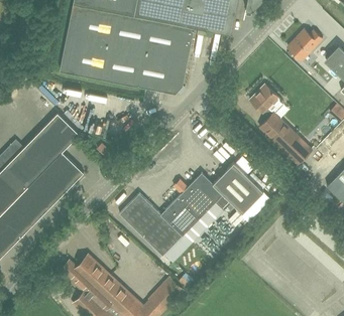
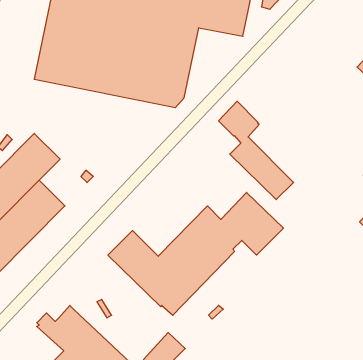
building: [286,30,322,61] -> none
building: [249,85,311,165] -> [219,101,294,200]

